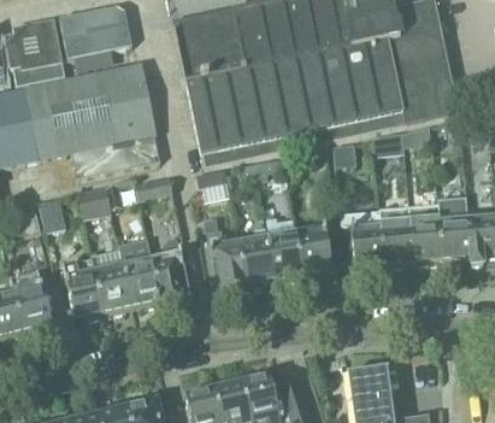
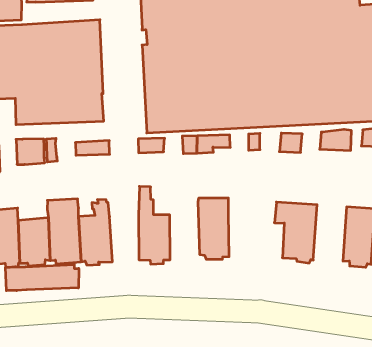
building: [379,206,413,265] -> none
building: [238,224,273,284] -> none
building: [295,227,331,275] -> none
building: none -> [5,264,79,291]

